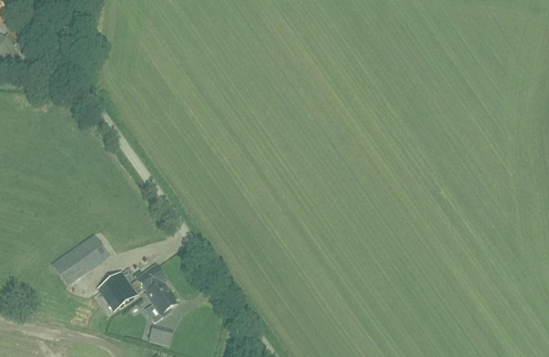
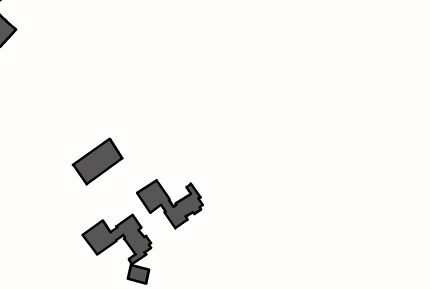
building: none -> [137,180,203,228]
building: [52,233,109,285] -> [73,139,122,184]

